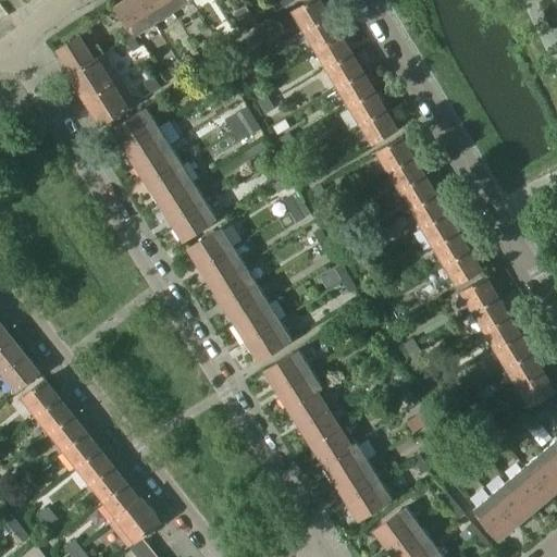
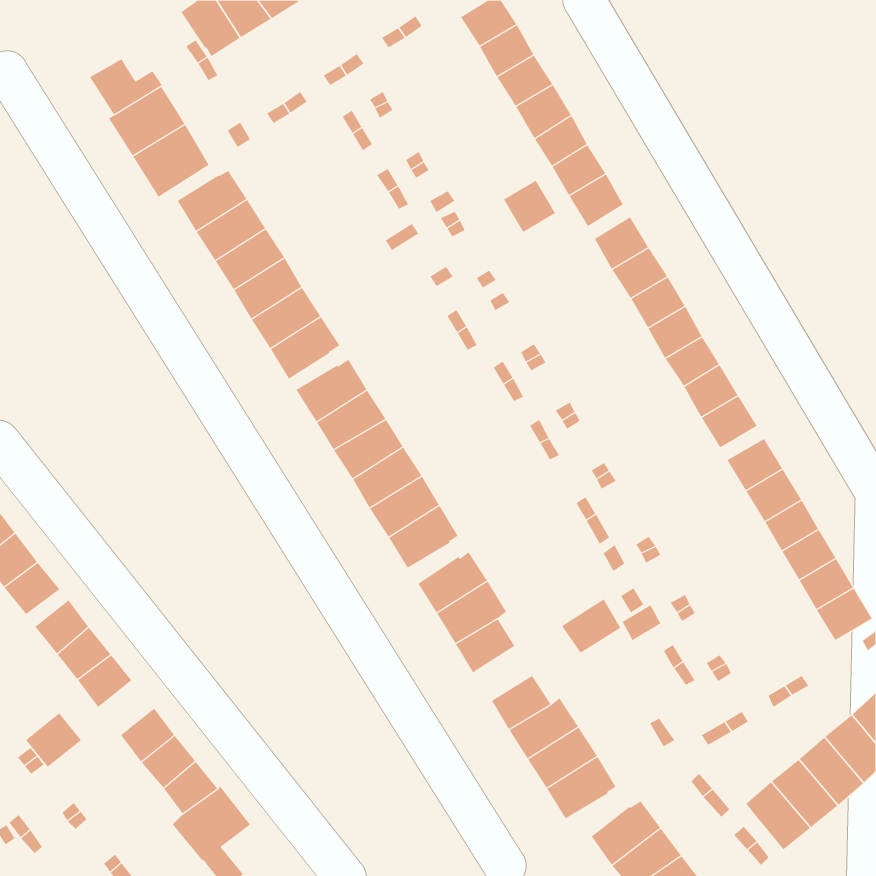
building: none -> [503,180,556,233]
building: [299,410,337,445] -> [561,599,621,654]
building: [62,432,98,467] -> [25,713,82,768]

